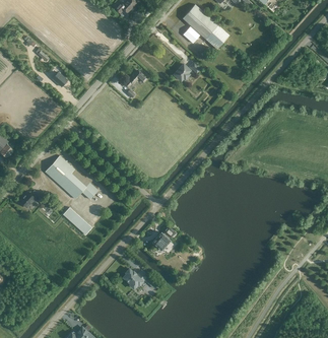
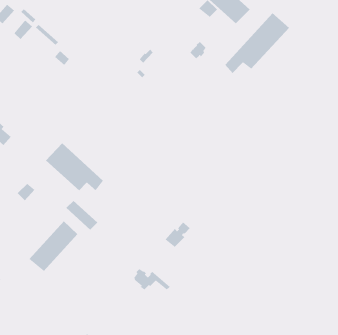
building: none -> [225,12,290,74]
building: none -> [28,220,78,272]

